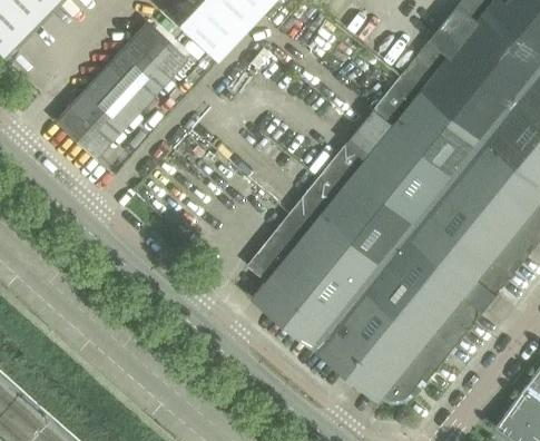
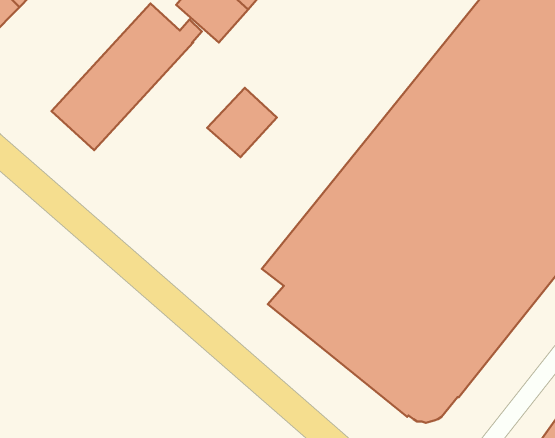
building: none -> [207,88,277,157]

